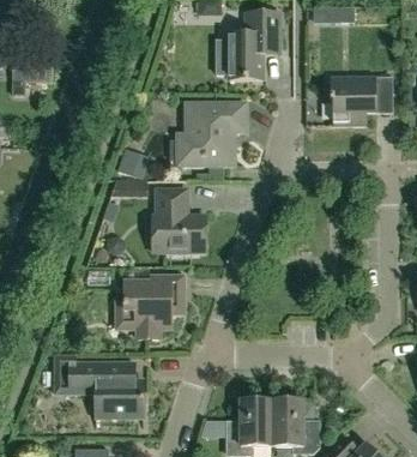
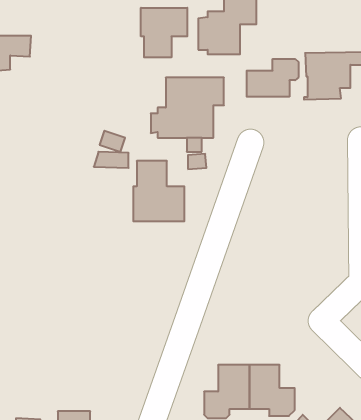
building: none -> [141,8,187,57]
building: none -> [247,59,298,97]
building: [116,275,182,337] -> none
building: [55,355,143,417] -> none

